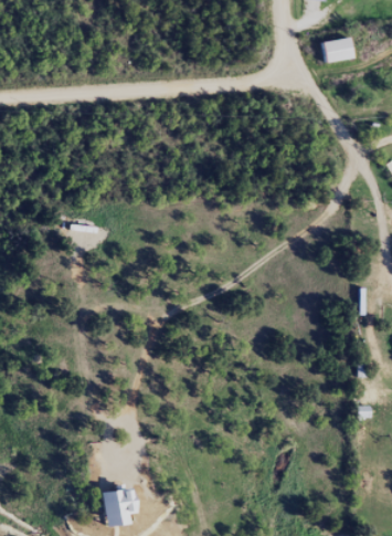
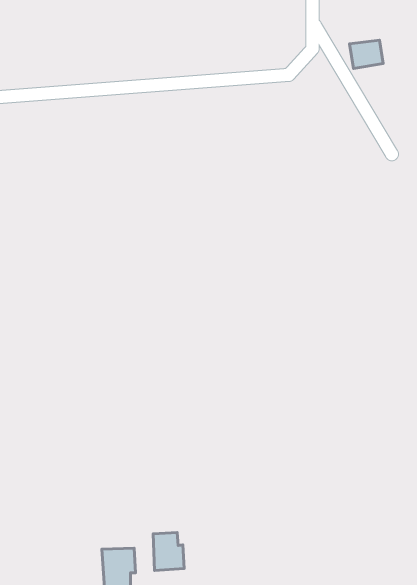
building: none -> [153,532,184,570]

